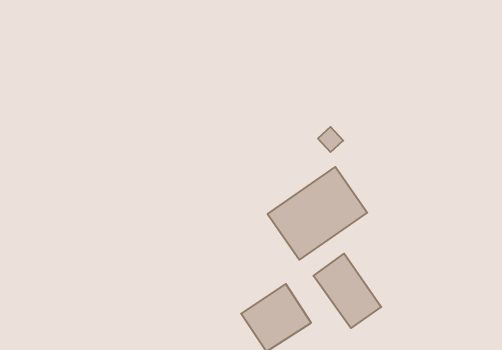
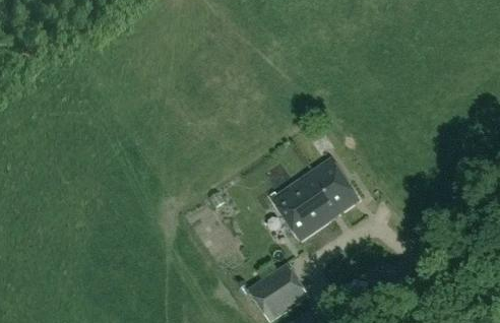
building: [313,254,381,328] -> none

